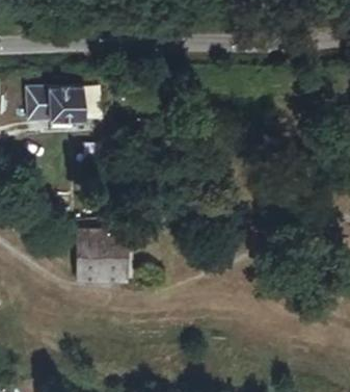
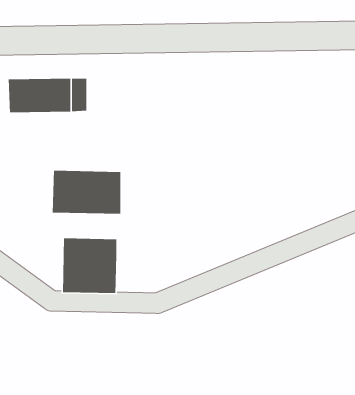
building: none -> [52,170,121,215]

